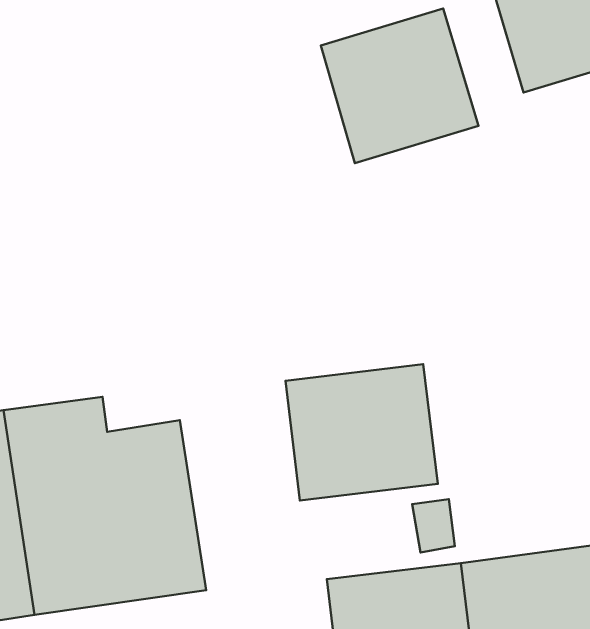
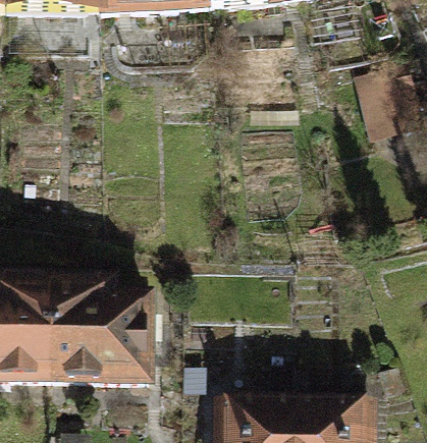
building: [321,9,479,163] -> none
building: [285,364,438,501] -> none

